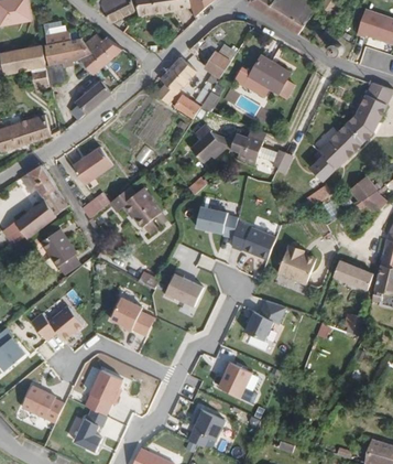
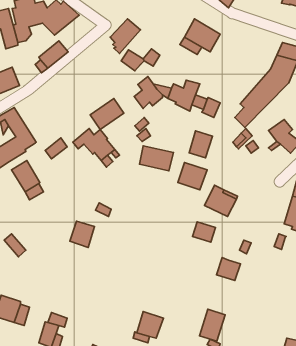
building: [207,42,237,75] -> none
building: [73,148,113,185] -> [90,98,124,129]
building: none -> [189,131,212,158]
building: [330,259,372,289] -> none
building: [164,273,203,309] -> none
building: [47,303,84,339] -> none
building: [244,313,273,341] -> [217,258,240,280]
building: [220,360,251,399] -> [199,309,225,341]
building: [91,367,123,404] -> none

